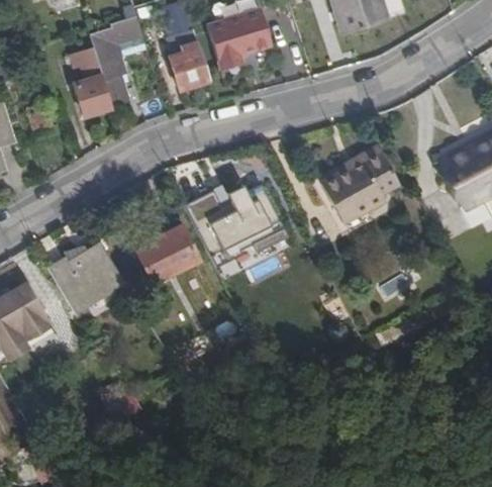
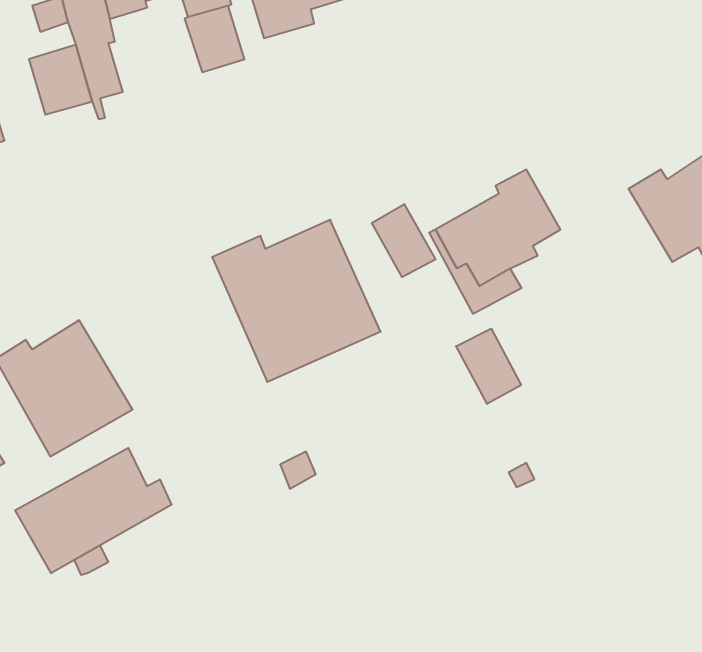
building: none -> [372,204,436,277]
building: [134,223,202,286] -> none
building: none -> [456,329,521,404]
building: none -> [15,448,172,573]

